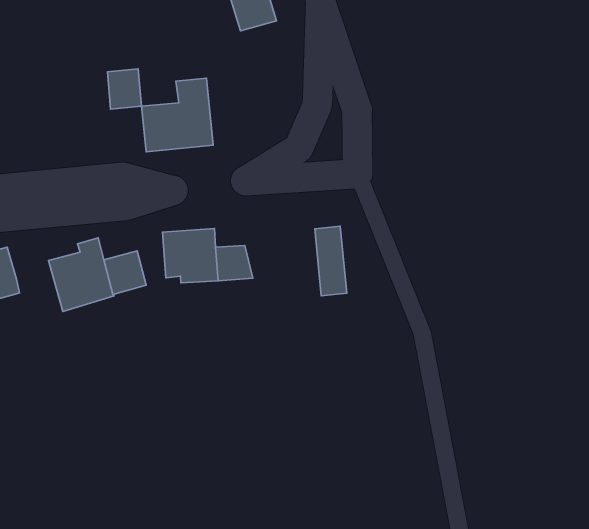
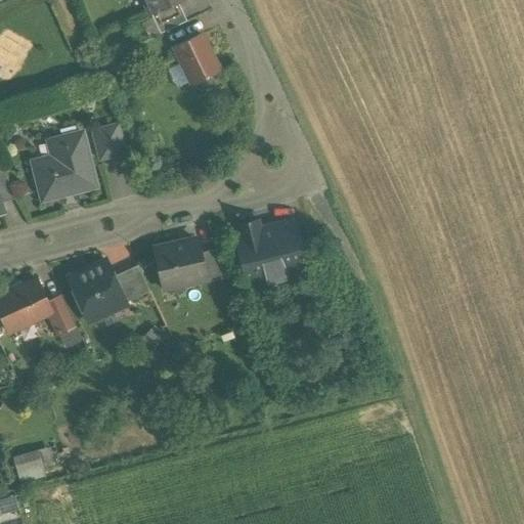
building: [141,78,213,152] -> [33,133,93,198]
building: none -> [235,221,286,285]
building: none -> [47,296,75,334]

